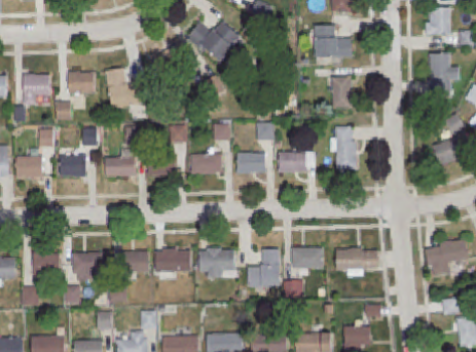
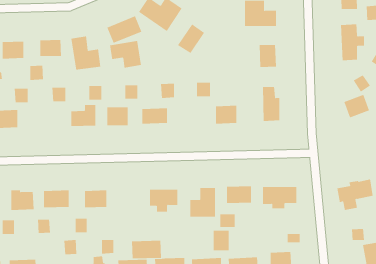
building: none -> [177,23,205,54]
building: none -> [109,40,142,68]
building: [236,151,263,172] -> none
building: [59,153,86,175] -> none
building: [154,249,191,272] -> [131,240,162,259]
building: none -> [213,230,229,251]

